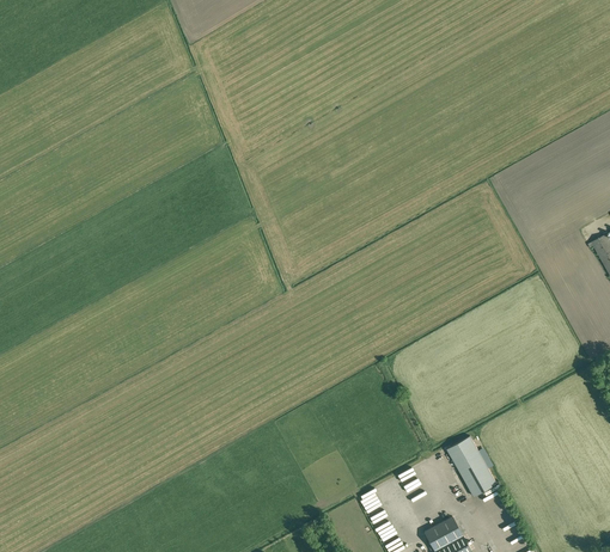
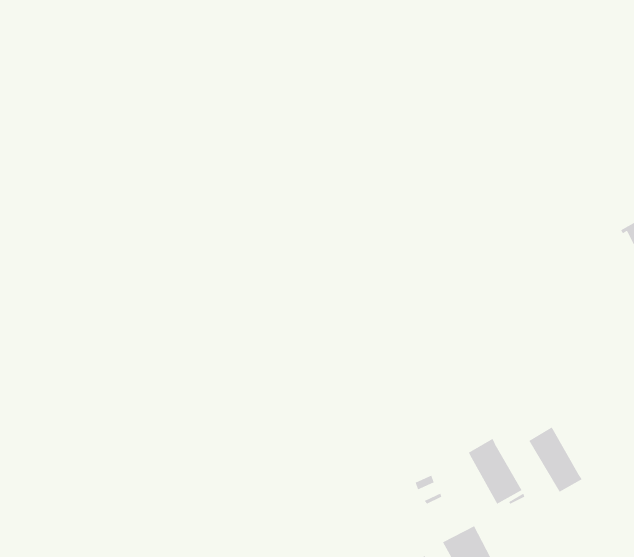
building: none -> [529,426,582,493]

